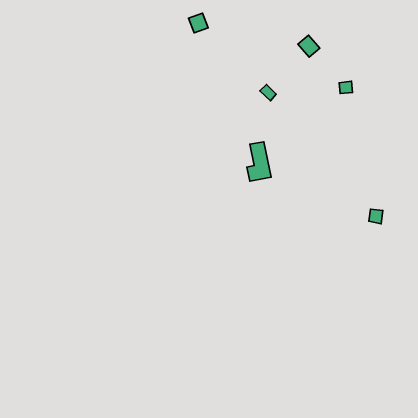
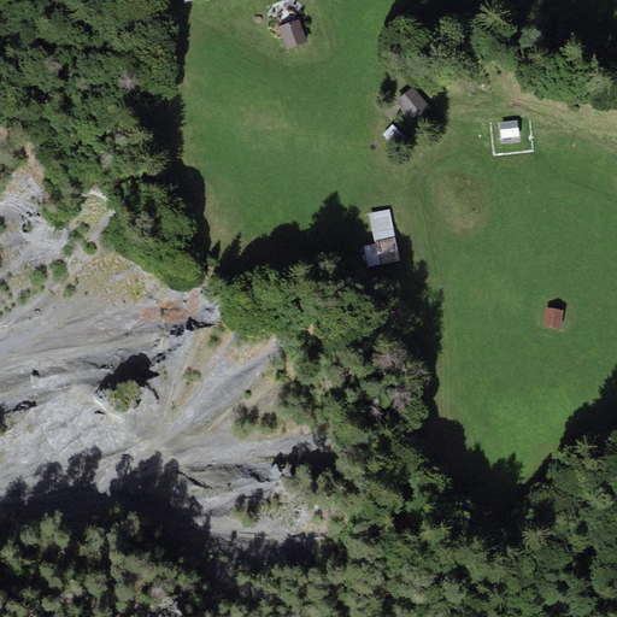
building: [298,35,320,57] -> [394,88,427,121]

